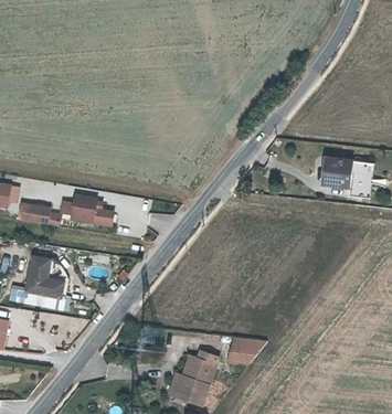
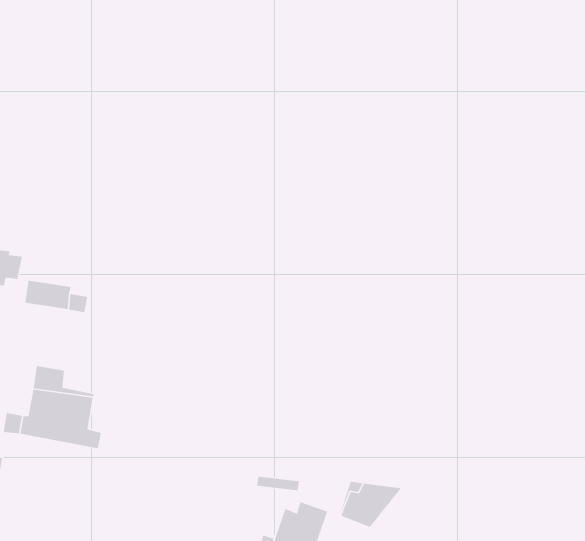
building: [328,158,374,198] -> none
building: [73,200,114,229] -> none

